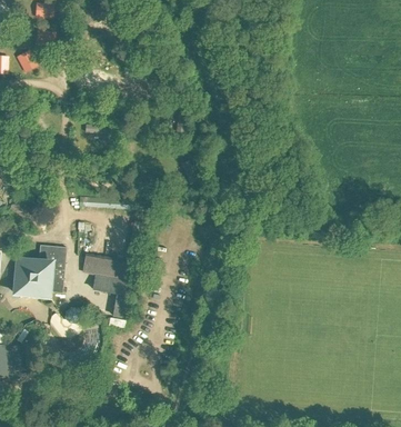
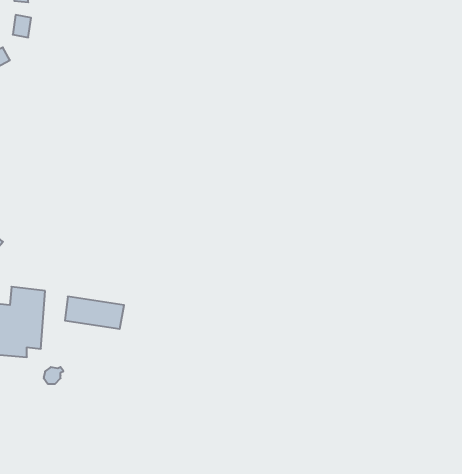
building: [92,275,132,316] -> none

